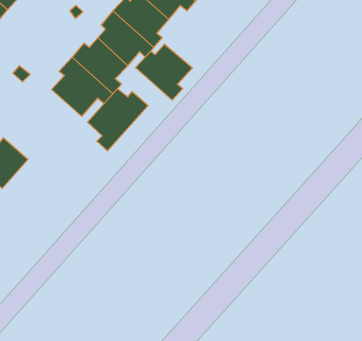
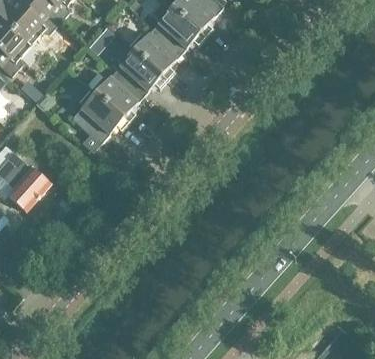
building: [136,44,193,100] -> none
building: [88,89,148,151] -> none

